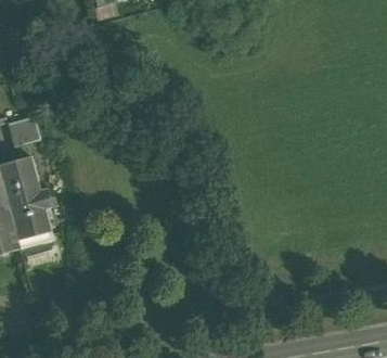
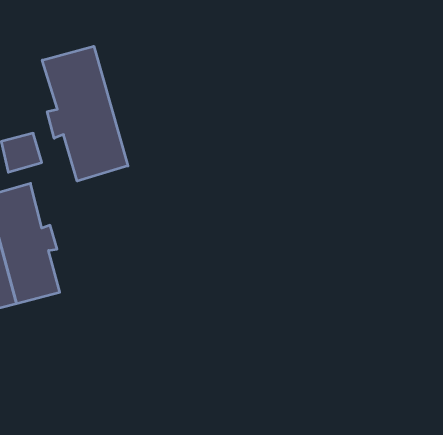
building: none -> [42,46,128,181]

